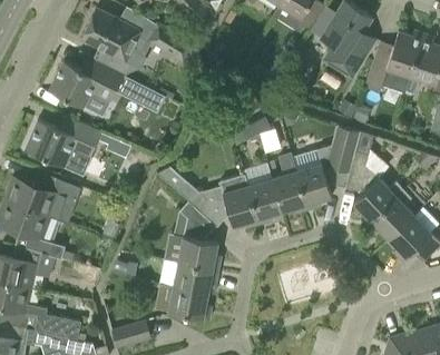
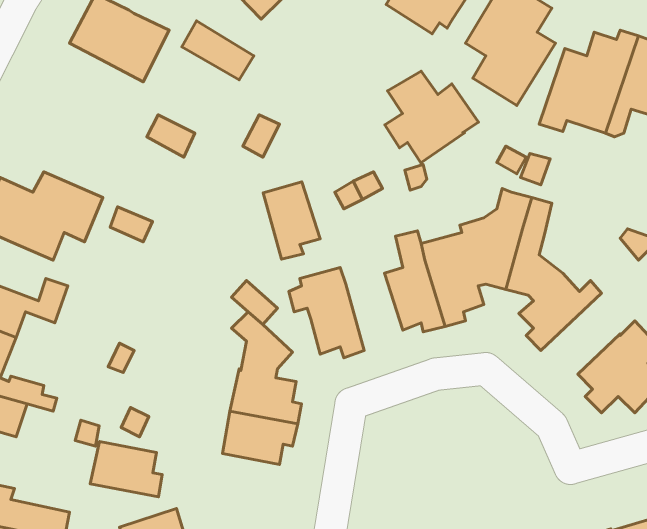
building: none -> [385,71,479,163]
building: [49,57,124,108] -> none
building: [248,178,283,225] -> [263,182,320,259]
building: [366,190,414,239] -> none
building: [168,287,212,321] -> [90,442,162,497]

